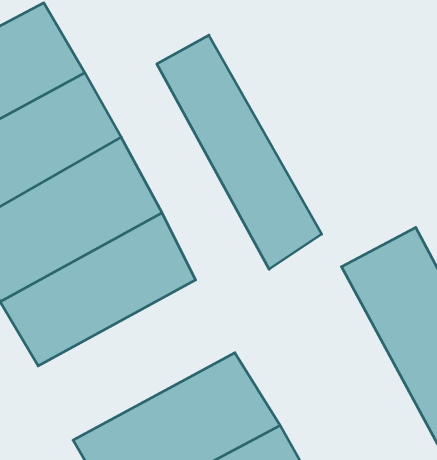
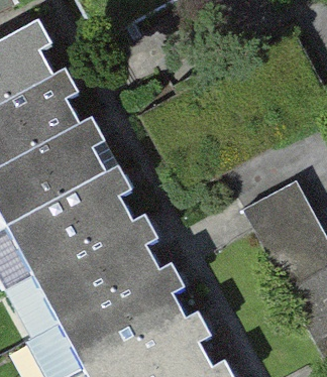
building: [157,35,322,269] -> none
building: none -> [33,222,170,333]

